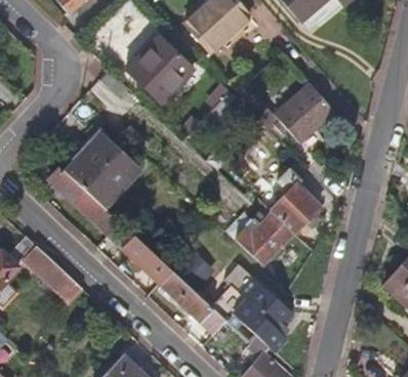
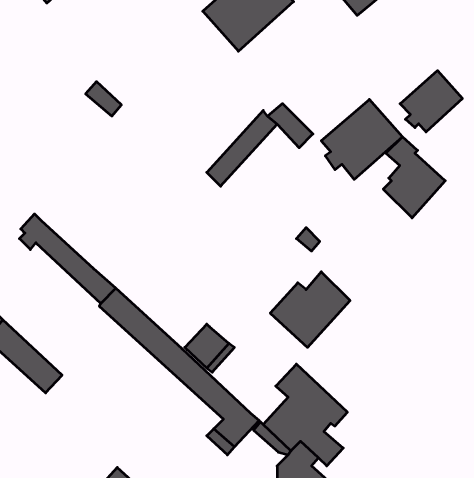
building: [127,39,192,103] -> none
building: none -> [400,71,462,132]
building: [66,135,139,210] -> none
building: [274,173,320,234] -> [383,137,445,218]

